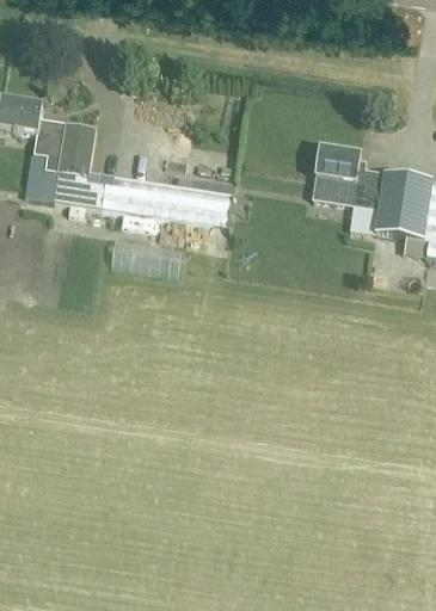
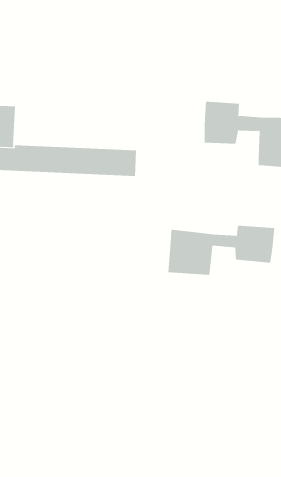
building: none -> [168,225,275,276]

